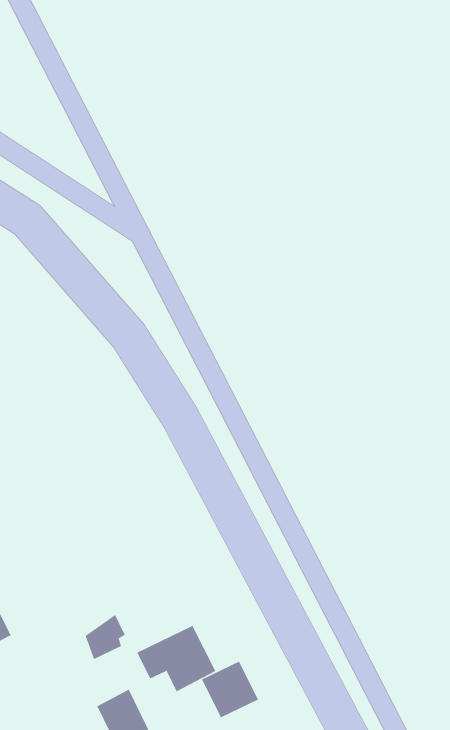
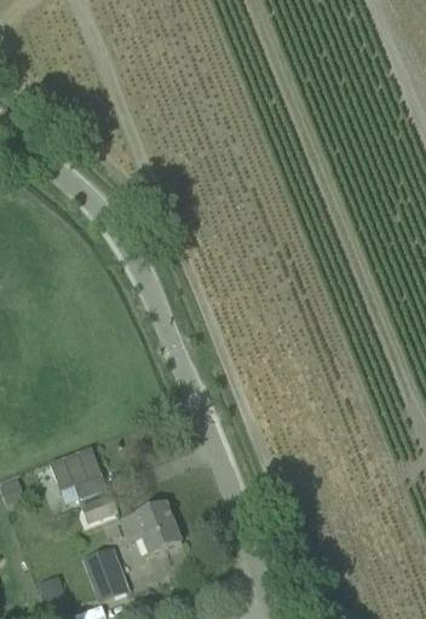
building: none -> [54,461,106,501]
building: [201,661,259,718] -> none

